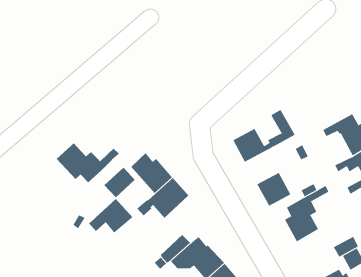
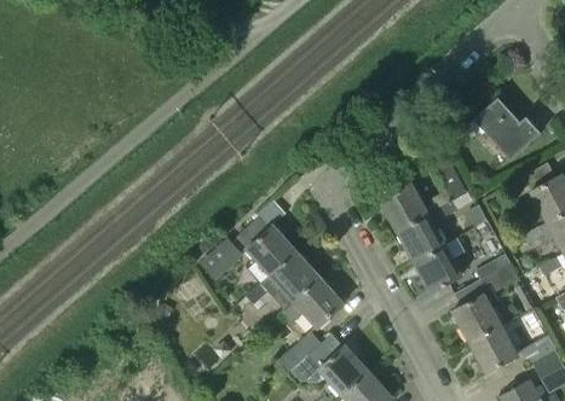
building: none -> [473,98,541,161]
building: [56,142,120,183] -> none
building: none -> [397,210,445,262]
building: [88,198,133,233] -> [281,278,344,327]
building: none -> [469,325,518,373]

